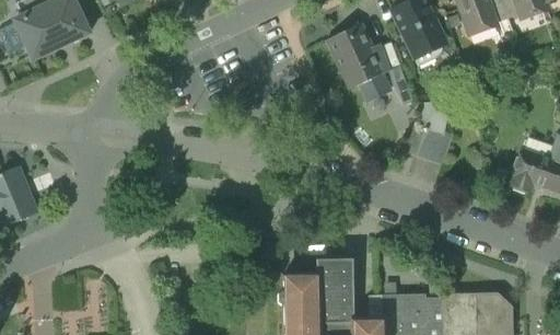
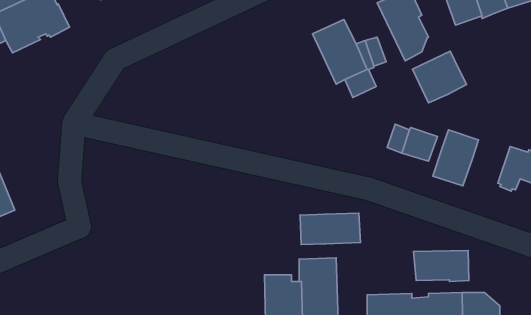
building: none -> [412,51,466,103]
building: none -> [433,130,479,186]
building: none -> [300,213,360,245]
building: none -> [413,250,469,282]

